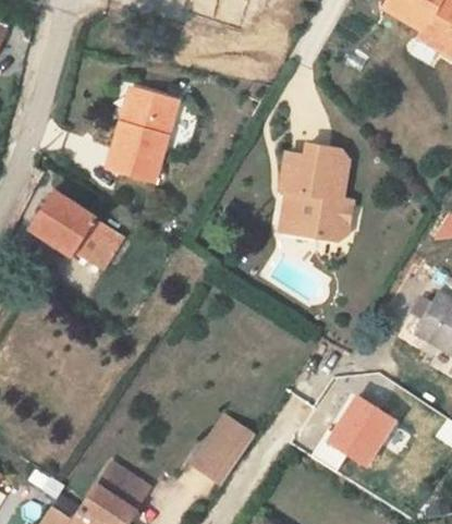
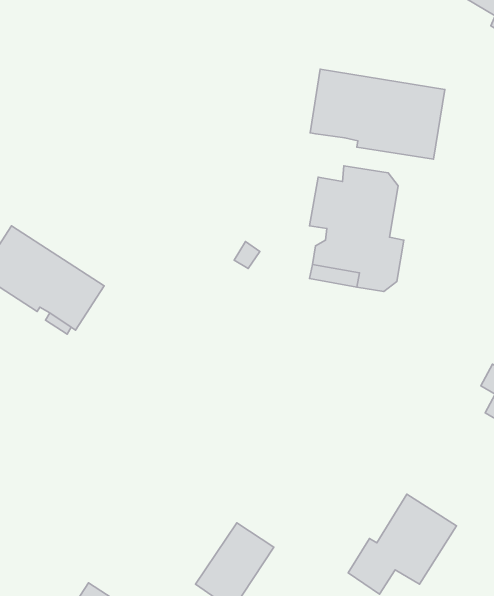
building: none -> [310,69,445,159]
building: [109,89,178,181] -> none

